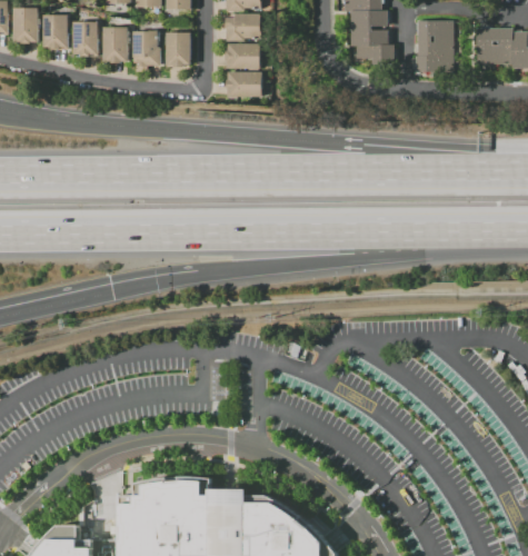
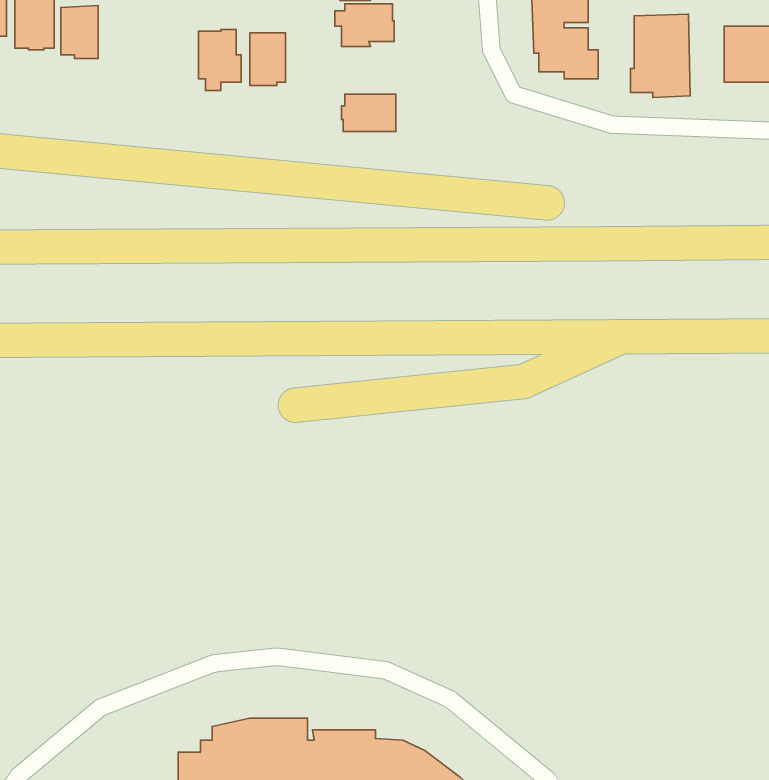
building: [71,21,98,57] -> none
building: [102,27,127,63] -> none
building: [225,43,259,69] -> none

